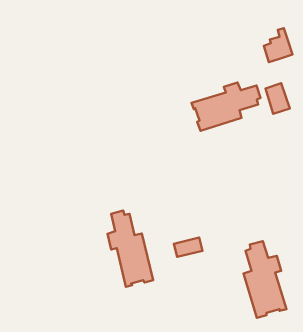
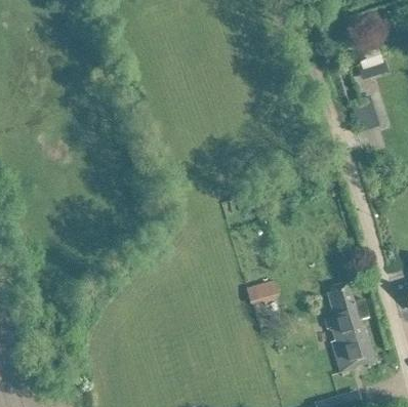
building: [191,82,261,131] -> none
building: [108,210,153,287] -> none

